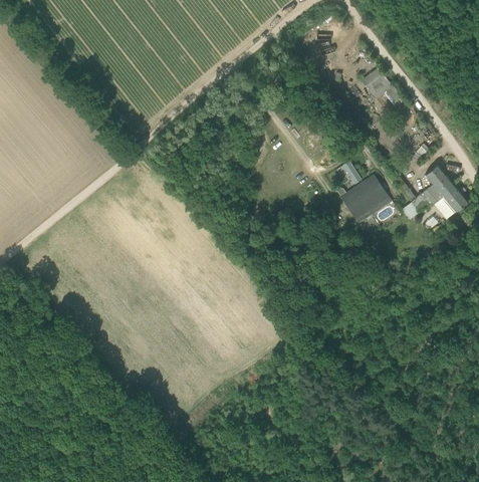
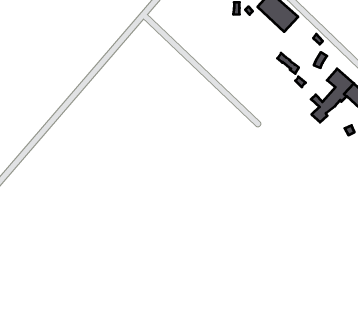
building: [341,176,388,220] -> none

